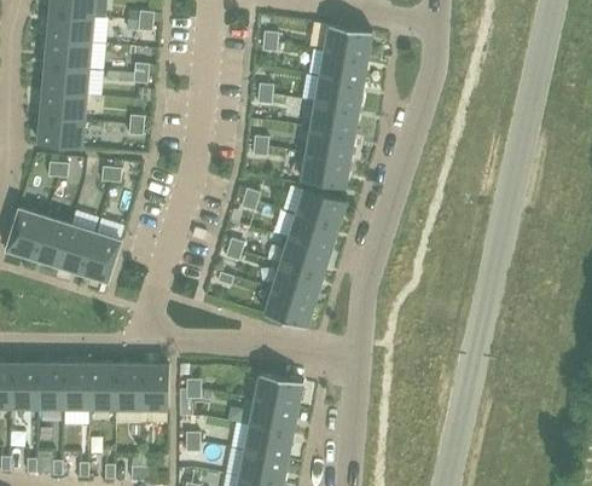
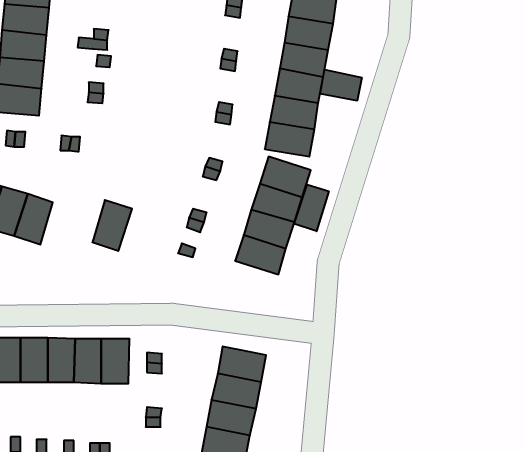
building: none -> [320,69,362,101]
building: none -> [294,184,329,231]
building: [82,232,121,282] -> [92,200,132,251]
building: [265,289,314,328] -> none

